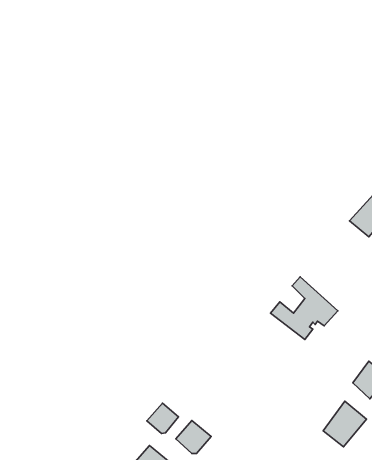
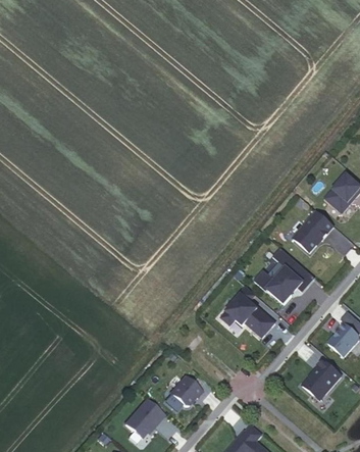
building: none -> [293,211,333,252]
building: none -> [221,287,275,338]
building: [147,403,178,434] -> none

